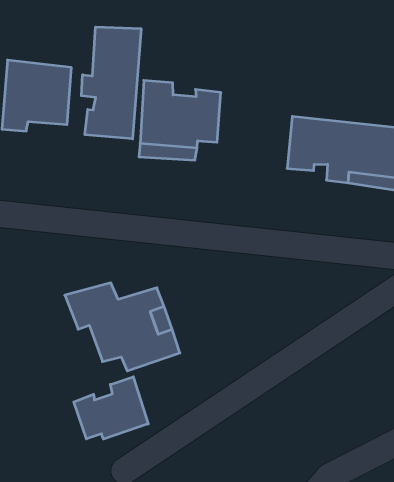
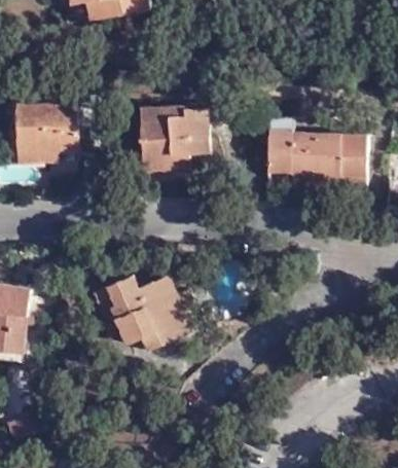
building: [81,27,141,139] -> none
building: [74,377,148,439] -> none

